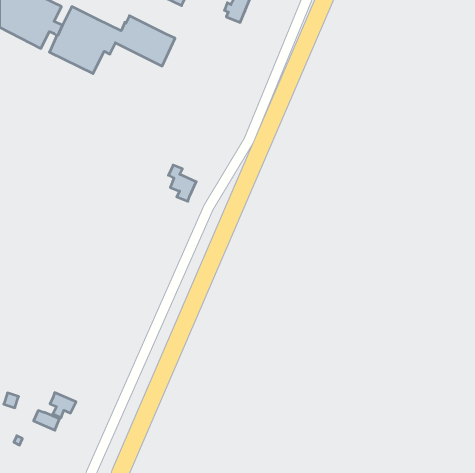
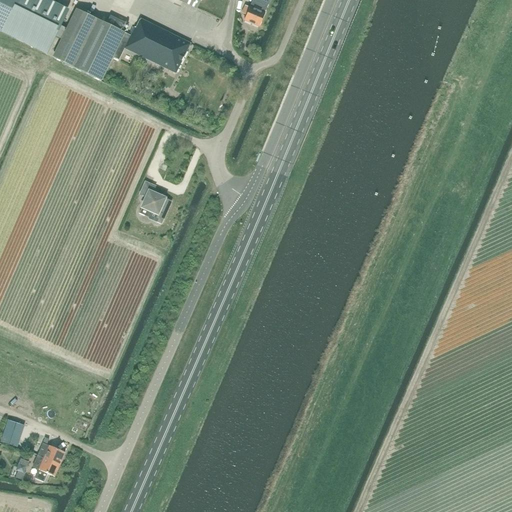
building: [168,165,196,201] -> [139,181,169,220]
building: [50,393,76,418] -> [31,452,59,479]

